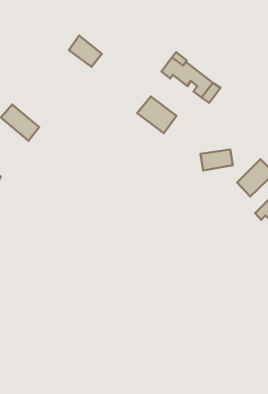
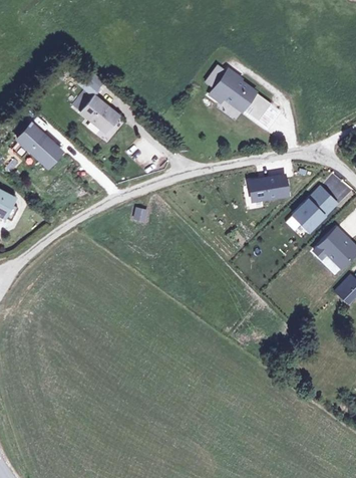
building: [69,35,102,67] -> [84,97,122,134]
building: [137,97,176,133] -> none

